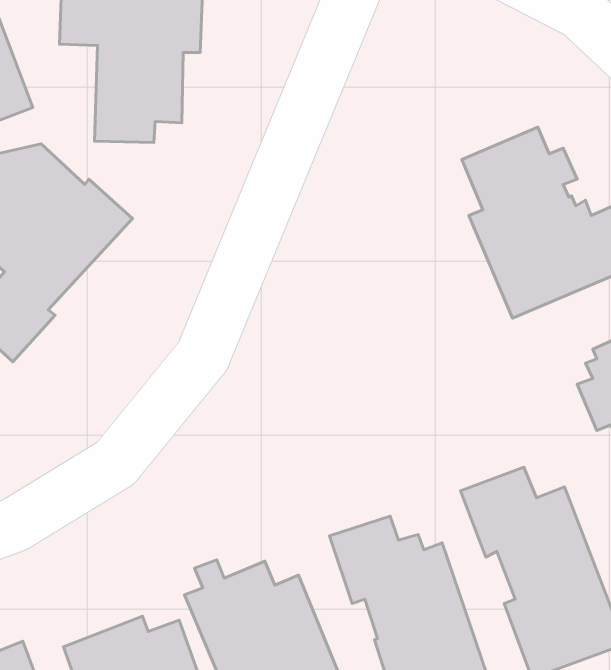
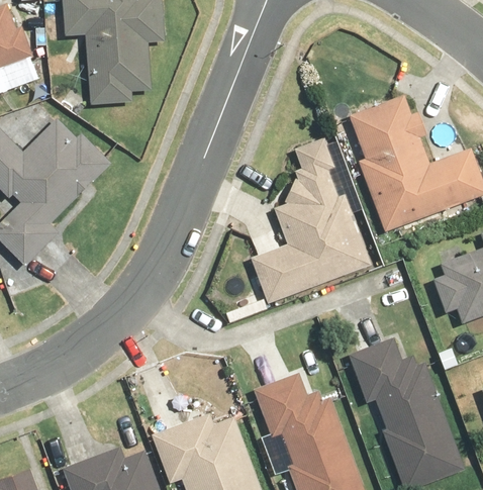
building: none -> [249,135,374,306]

